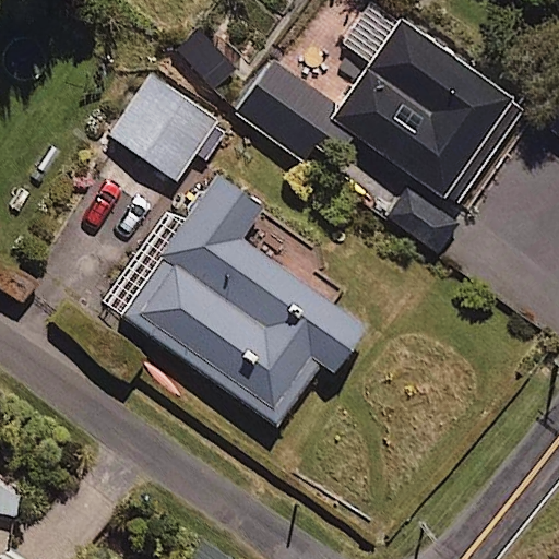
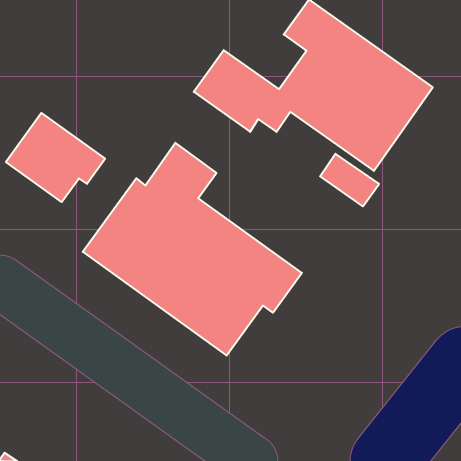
building: [109,74,228,181] -> [6,113,105,202]

